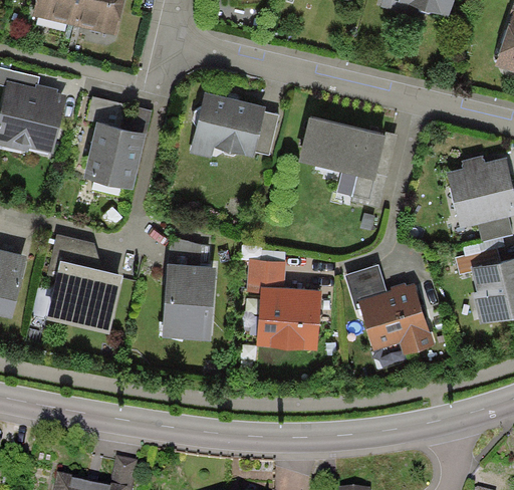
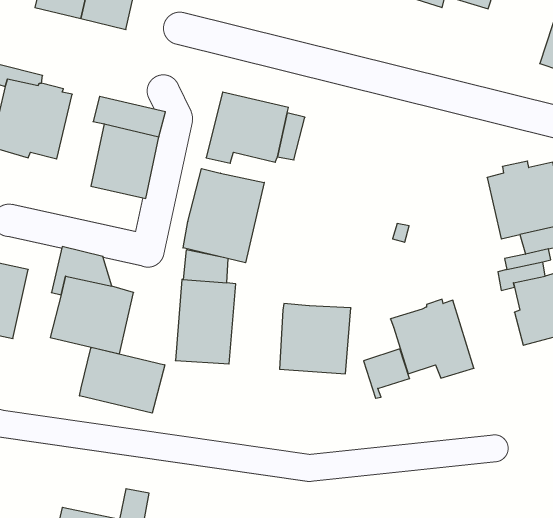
building: [298,117,397,208] -> none
building: none -> [183,169,264,263]
building: [246,260,285,292] -> none
building: [344,264,387,309] -> [364,349,410,398]
building: none -> [80,347,165,413]

